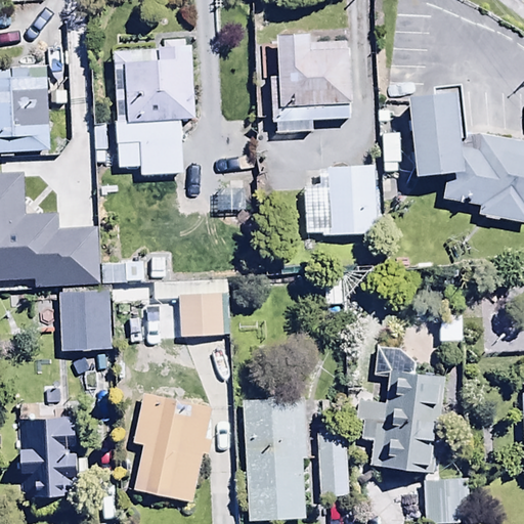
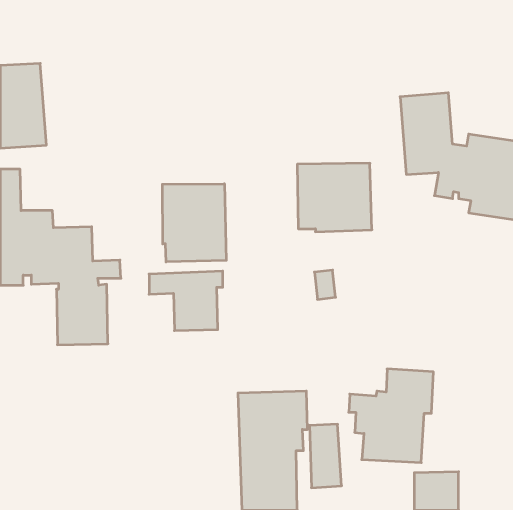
building: [269,34,352,132] -> none
building: [111,39,194,176] -> none
building: none -> [162,184,226,262]
building: [132,393,215,503] -> none
building: [17,418,78,498] -> none

